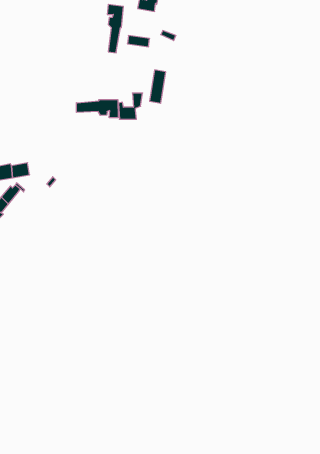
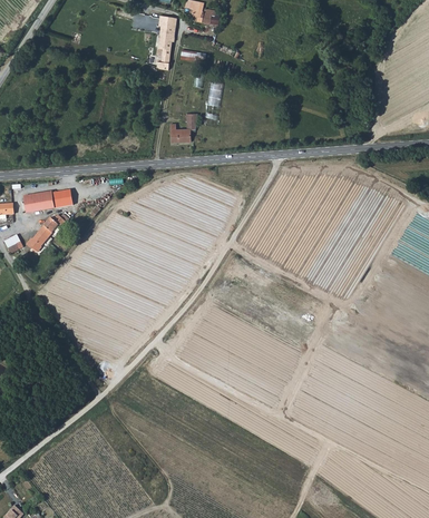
building: [76,100,118,118] -> none

